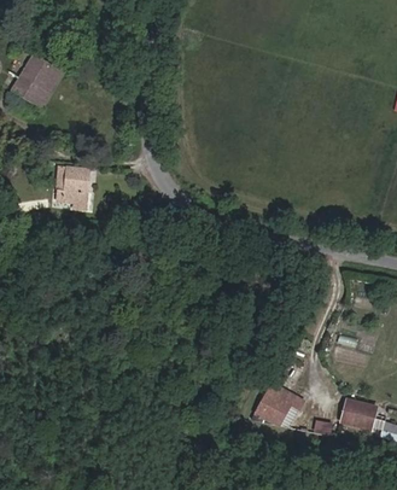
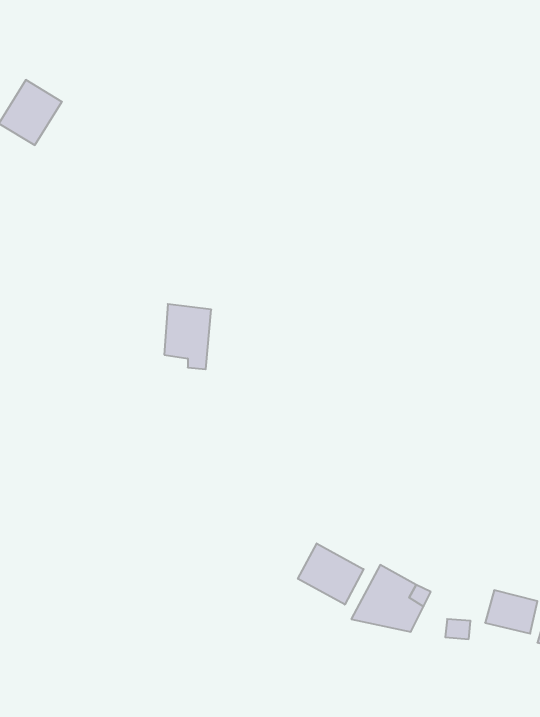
building: [57,167,88,210] -> [164,304,211,369]
building: none -> [298,543,364,605]

